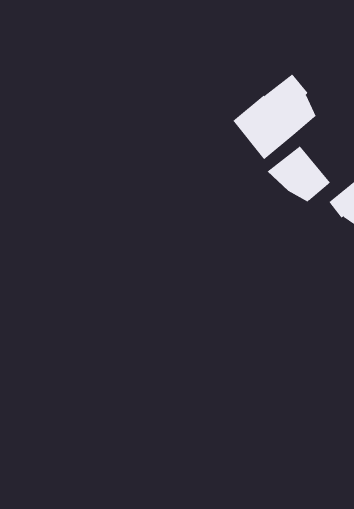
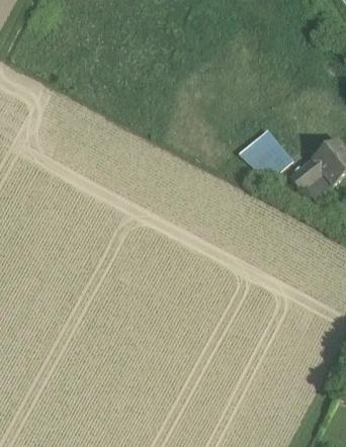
building: [232,74,316,160] -> none

